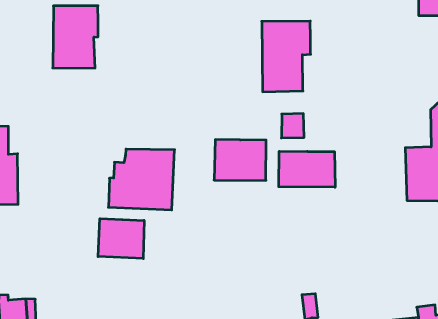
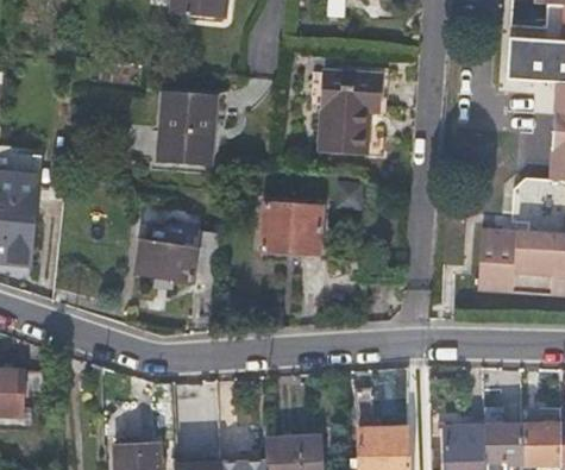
building: [53,6,98,68] -> [156,94,213,169]
building: [279,151,335,187] -> none
building: [98,219,144,259] -> none

